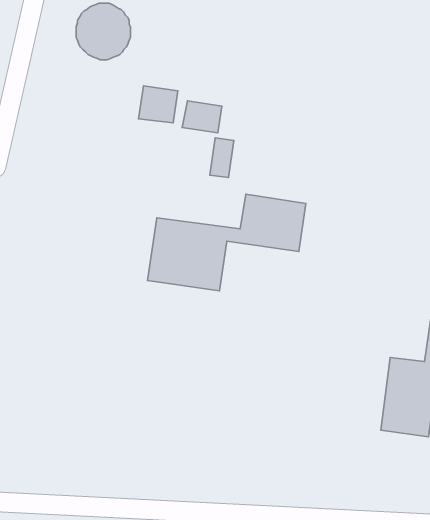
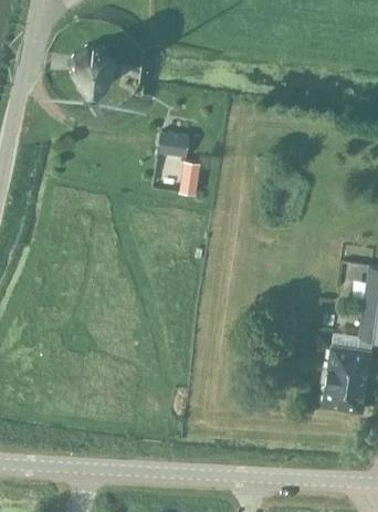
building: [139,86,178,123] -> none
building: [147,194,306,291] -> none

